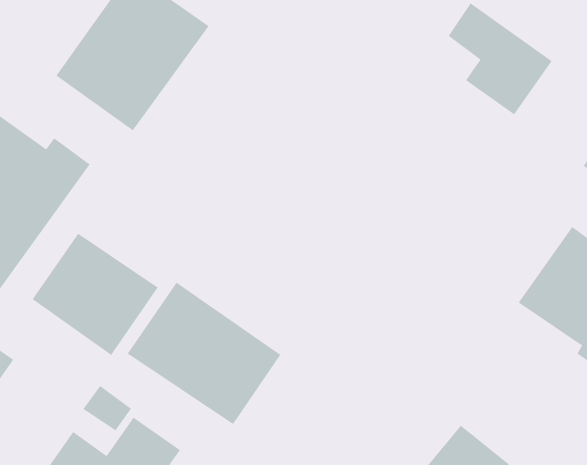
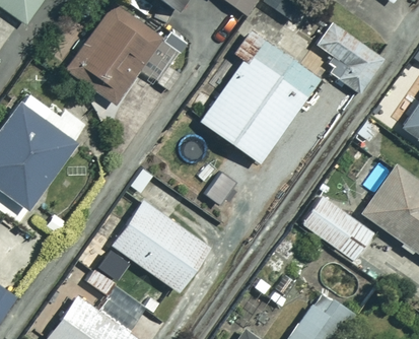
building: none -> [201,29,320,163]
building: [32,233,158,356] -> none
building: none -> [301,197,374,262]

